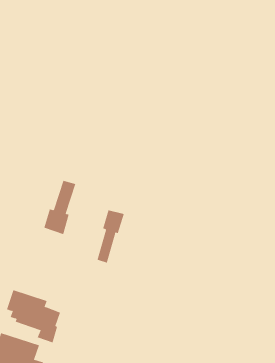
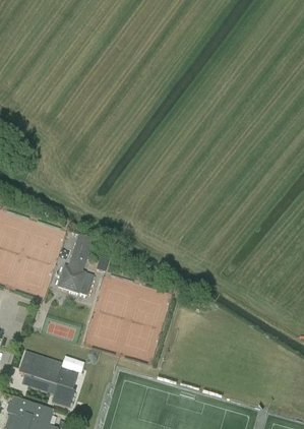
building: [97,209,124,264] -> none

